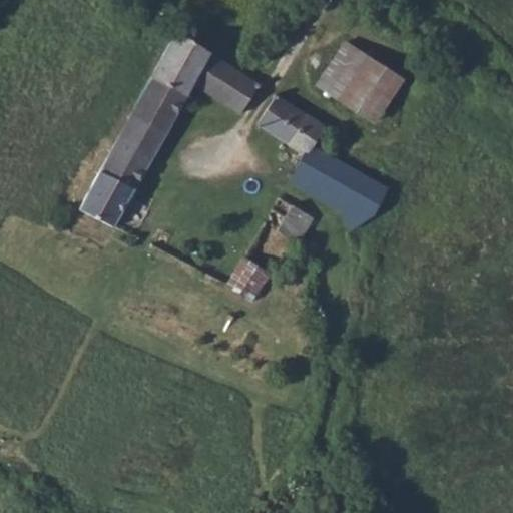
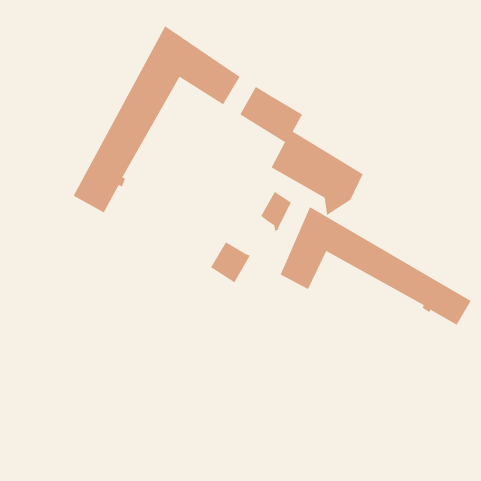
building: [319,42,401,122] -> none
building: none -> [280,206,471,326]

